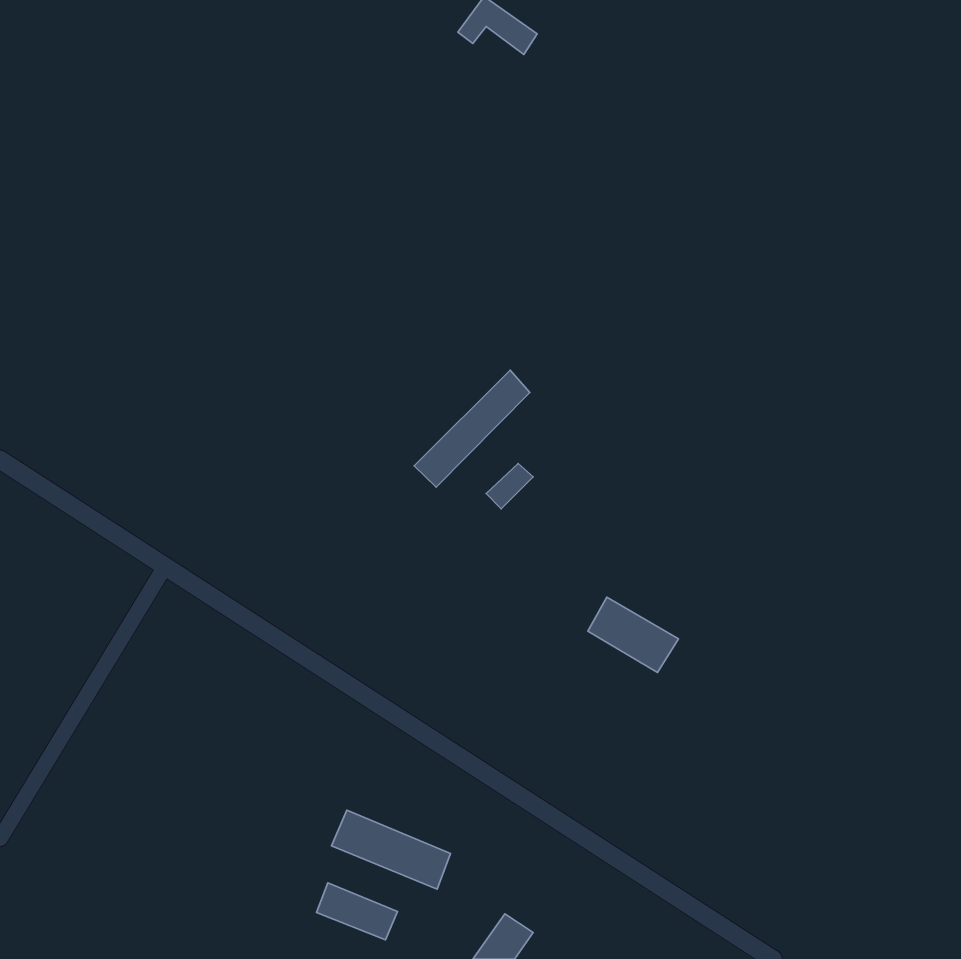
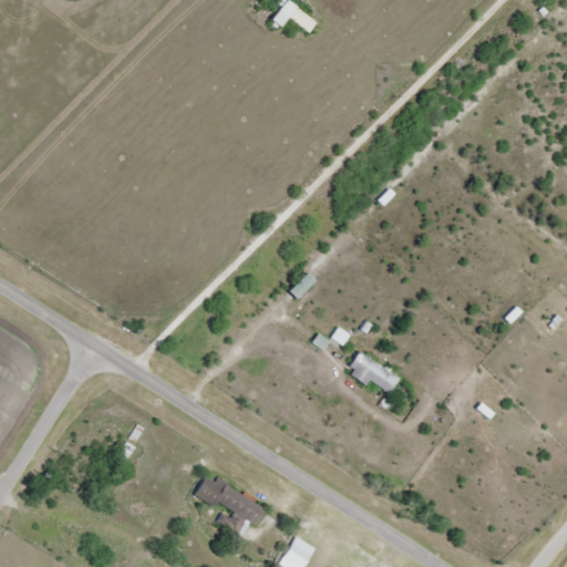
building: [414,370,530,487] -> none
building: [317,883,398,940] -> none

